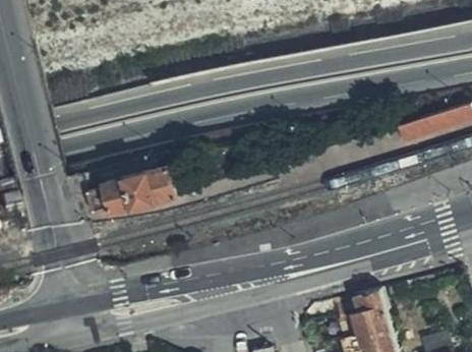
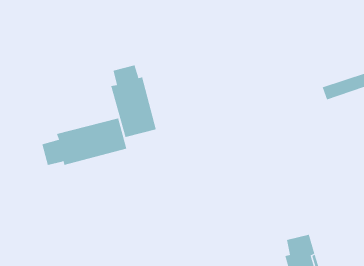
building: none -> [111,64,157,138]

